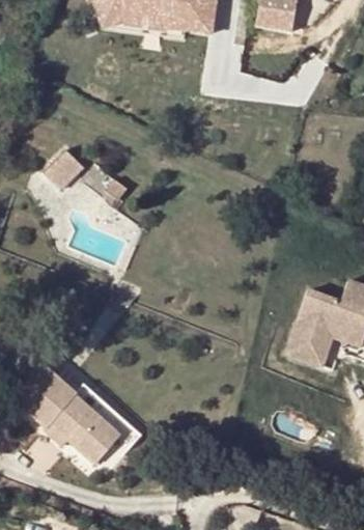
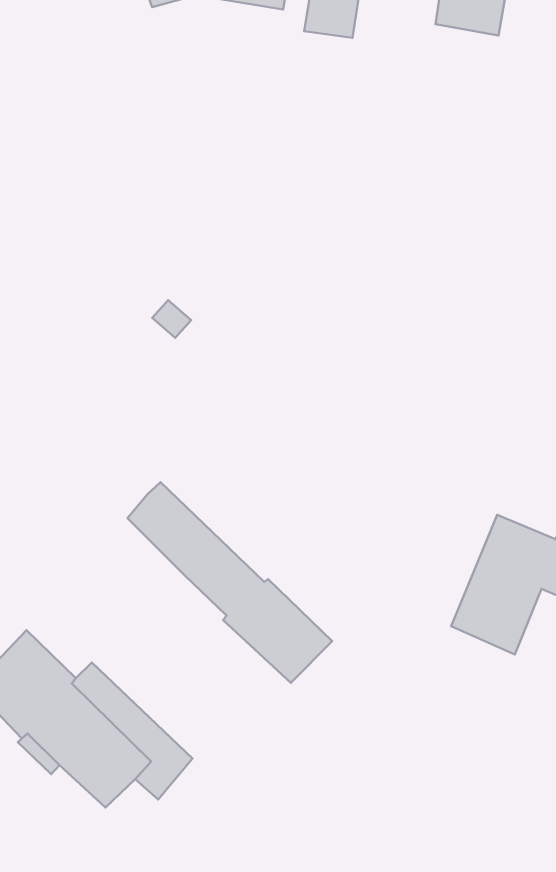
building: [46,152,86,194] -> none
building: none -> [127,482,332,683]

